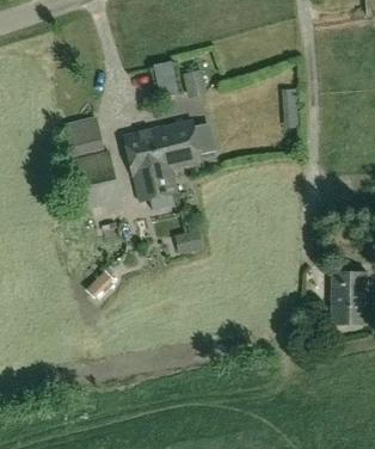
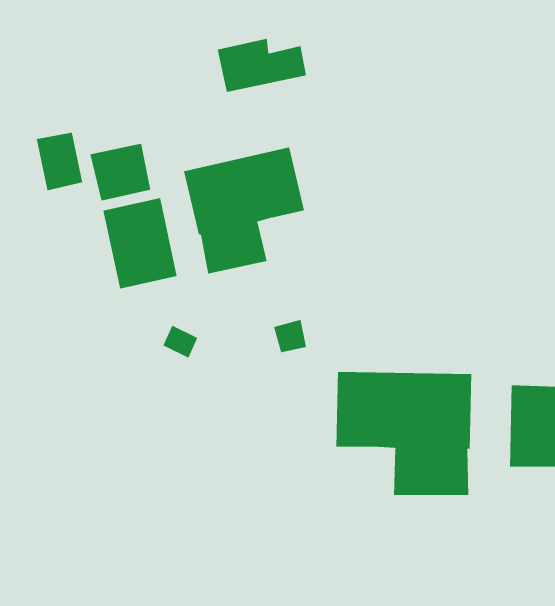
building: none -> [36,132,83,191]
building: none -> [336,371,472,496]

